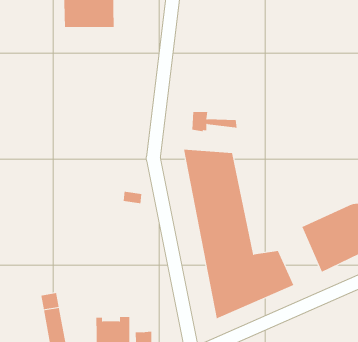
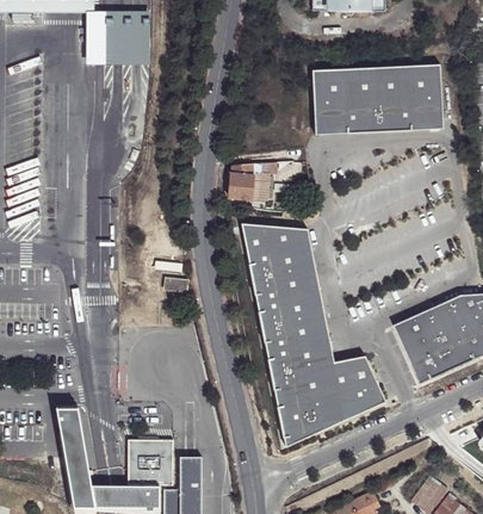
building: none -> [312,63,441,131]
building: none -> [228,161,277,198]

